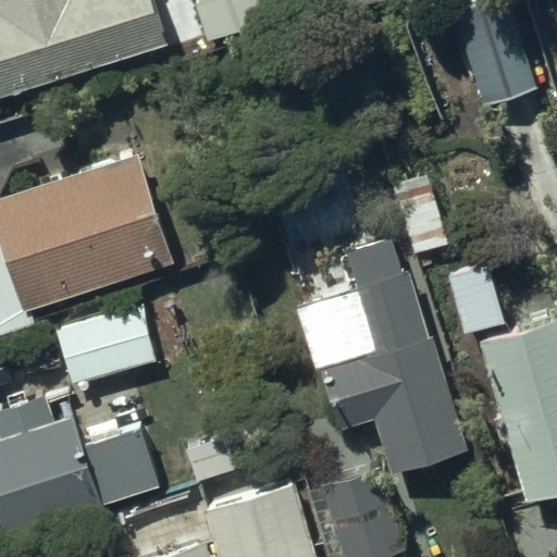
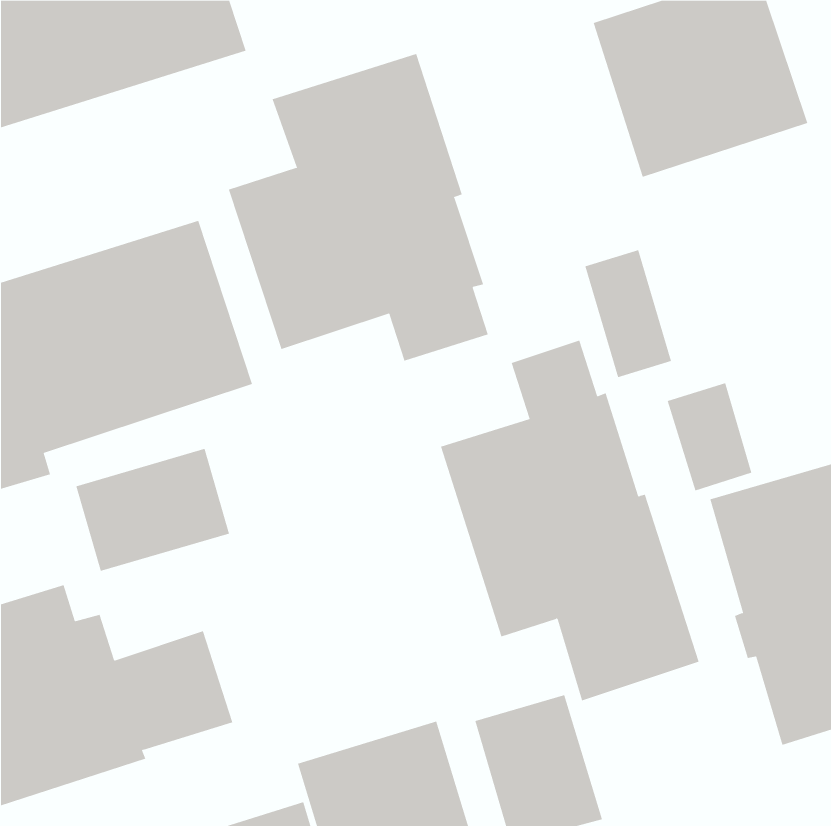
building: none -> [228,53,489,361]

